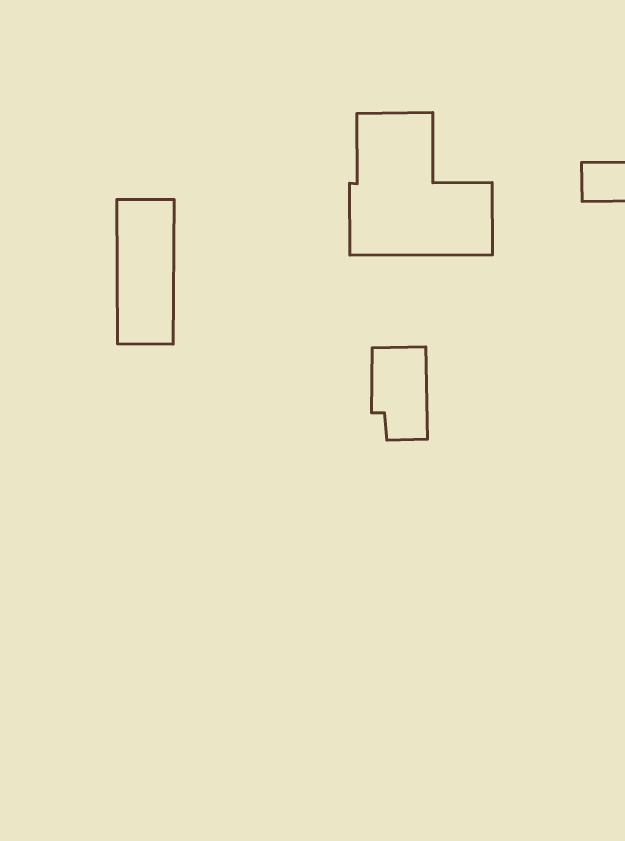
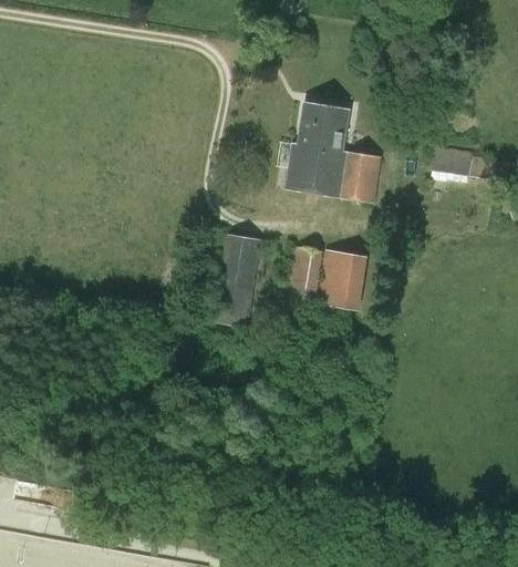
building: [117,199,174,344] -> [214,234,261,326]
building: none -> [317,248,366,308]

